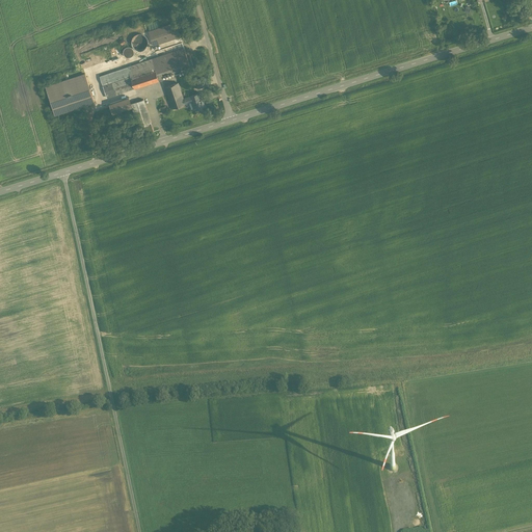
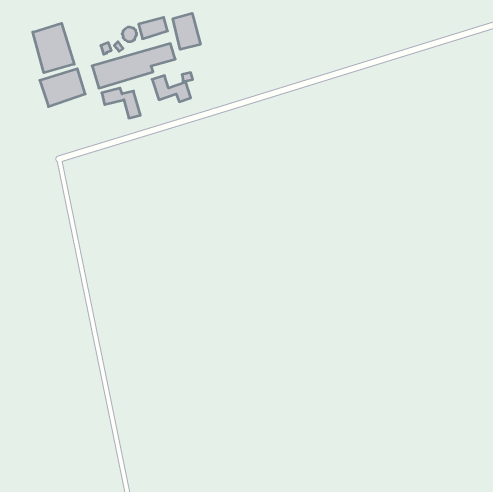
building: none -> [173,13,200,49]
building: none -> [33,23,74,73]

